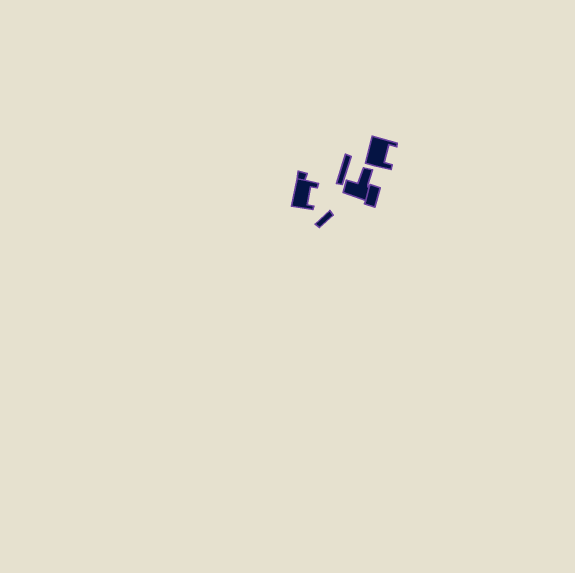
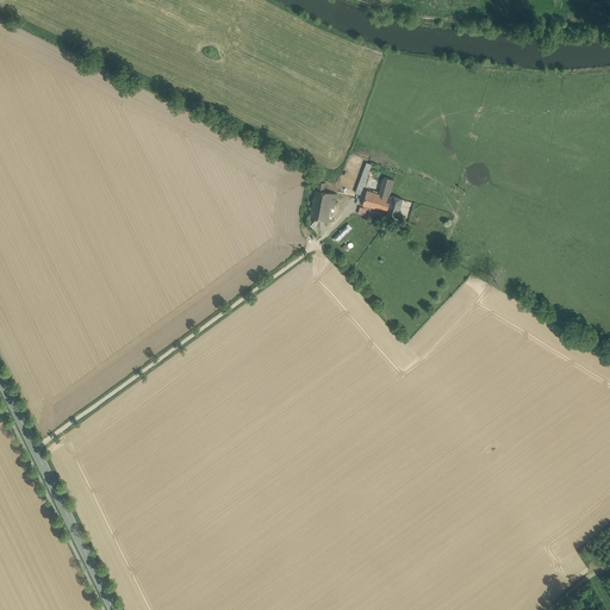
building: [366,136,397,169] -> none

